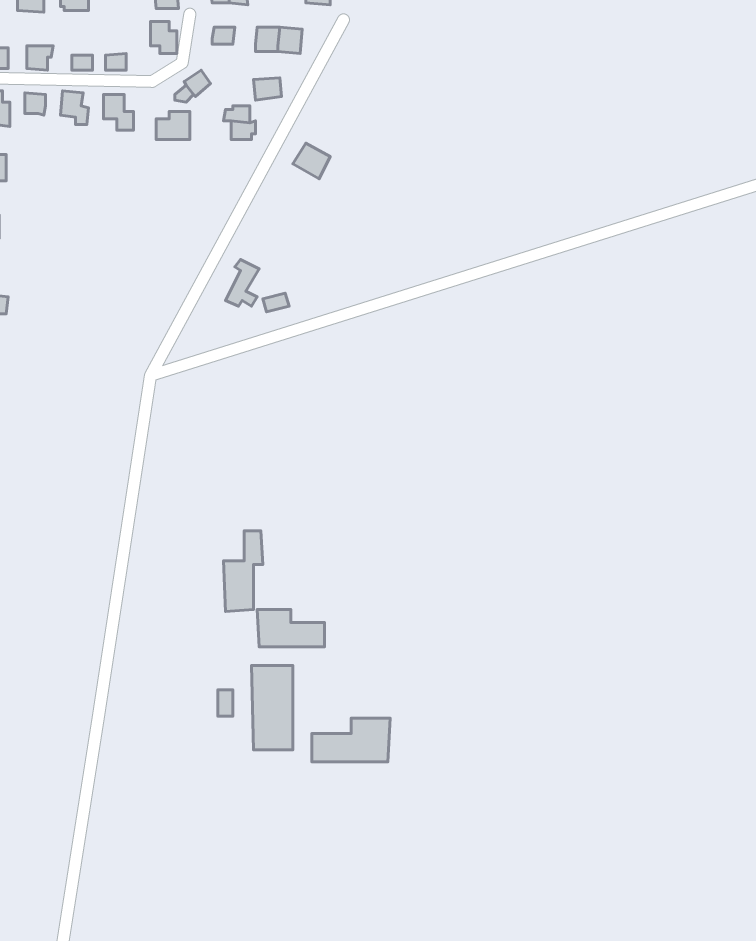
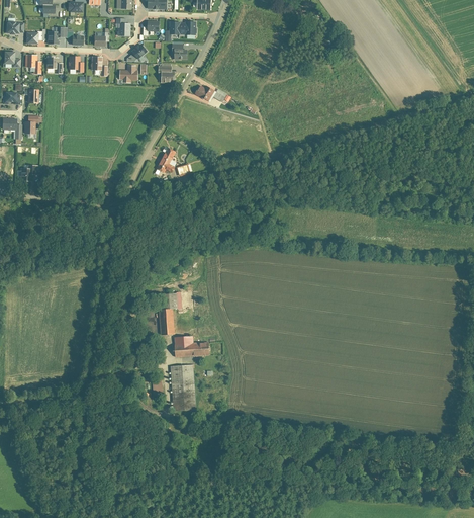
building: [312,718,390,762] -> none

